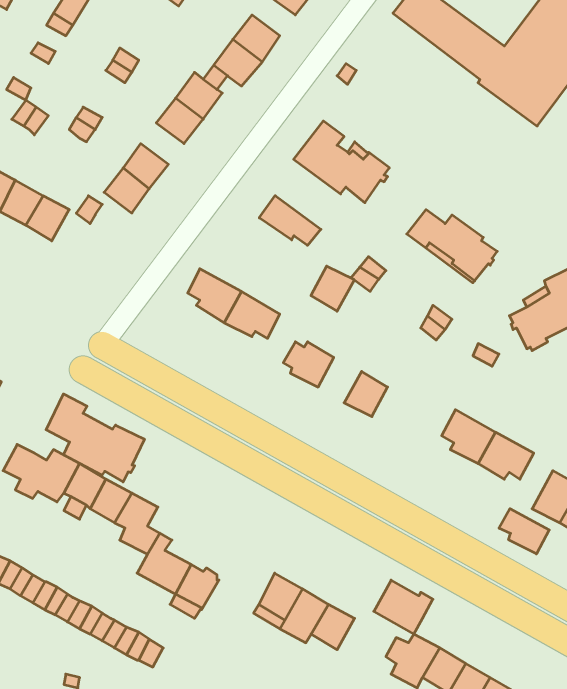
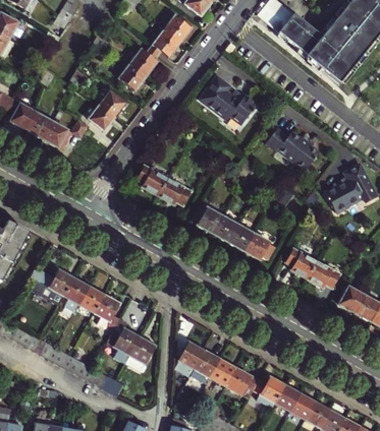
building: [259,196,321,245] -> none
building: [311,266,354,311] -> [214,216,239,242]
building: none -> [246,233,276,259]
building: [46,394,144,482] -> none
building: [499,509,549,554] -> none
building: [374,580,433,634] -> [225,368,260,399]

